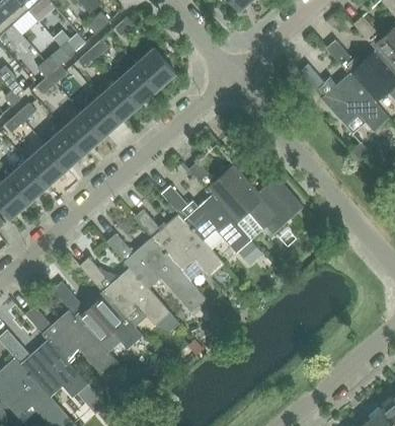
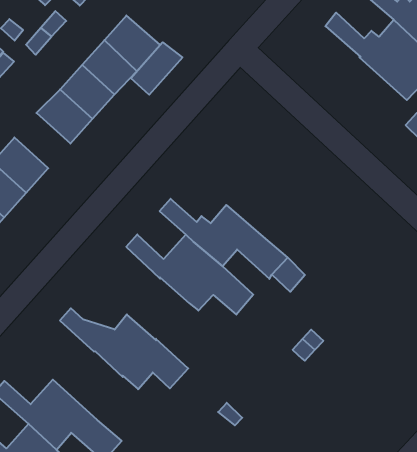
building: none -> [131,42,182,95]
building: [62,113,102,154] -> none
building: [189,162,304,234] -> none
building: [107,234,206,310] -> none
building: [53,282,143,350] -> none

